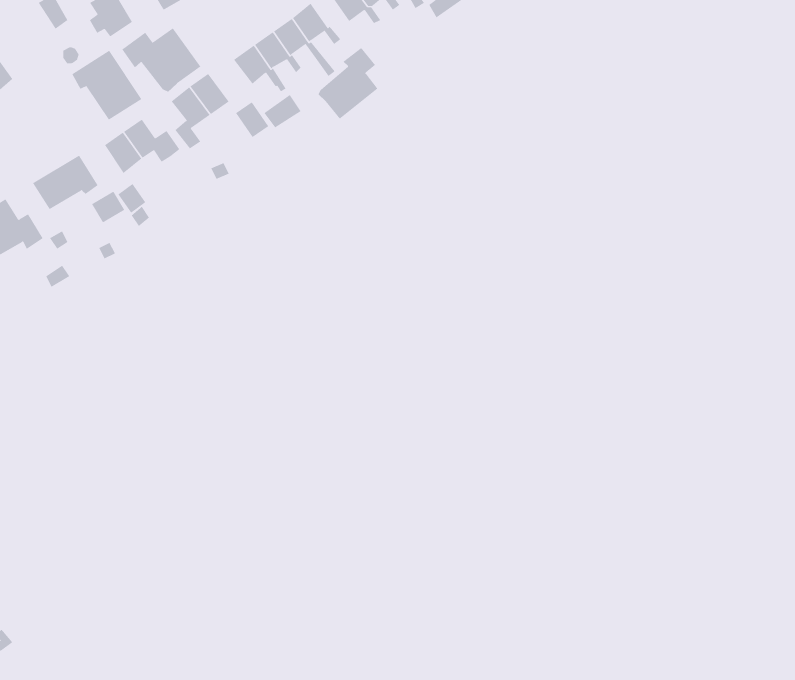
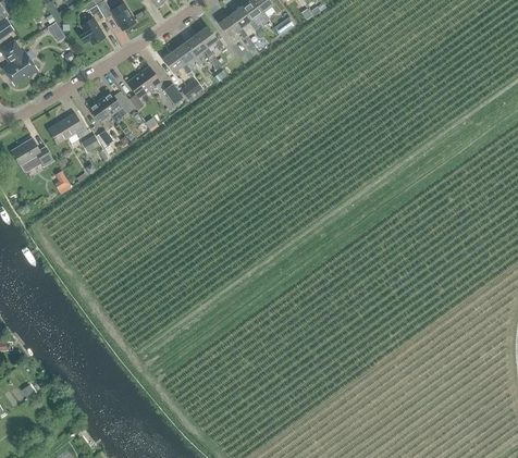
building: [122,27,201,93] -> none
building: [318,47,378,120] -> none
building: [72,50,142,120] -> none

